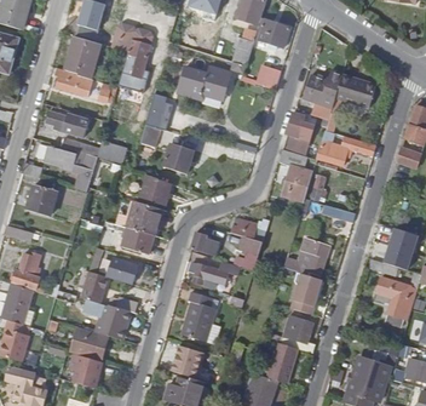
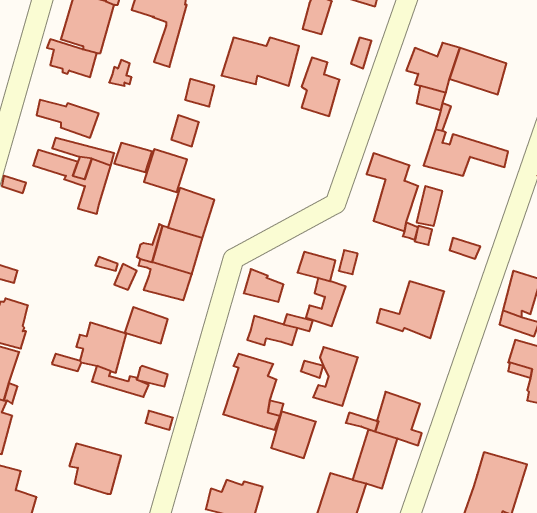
building: [286,113,312,154] -> [302,57,340,116]
building: [167,144,197,175] -> [144,149,187,192]
building: [27,184,56,215] -> none
building: [290,274,322,315] -> [313,347,358,406]
building: [70,327,108,359] -> none
building: [171,345,202,378] -> [271,411,316,458]

